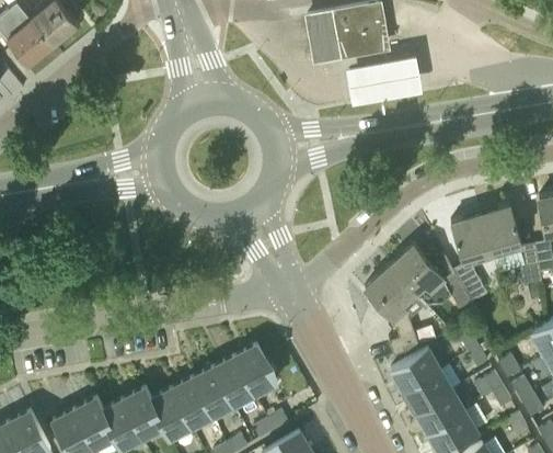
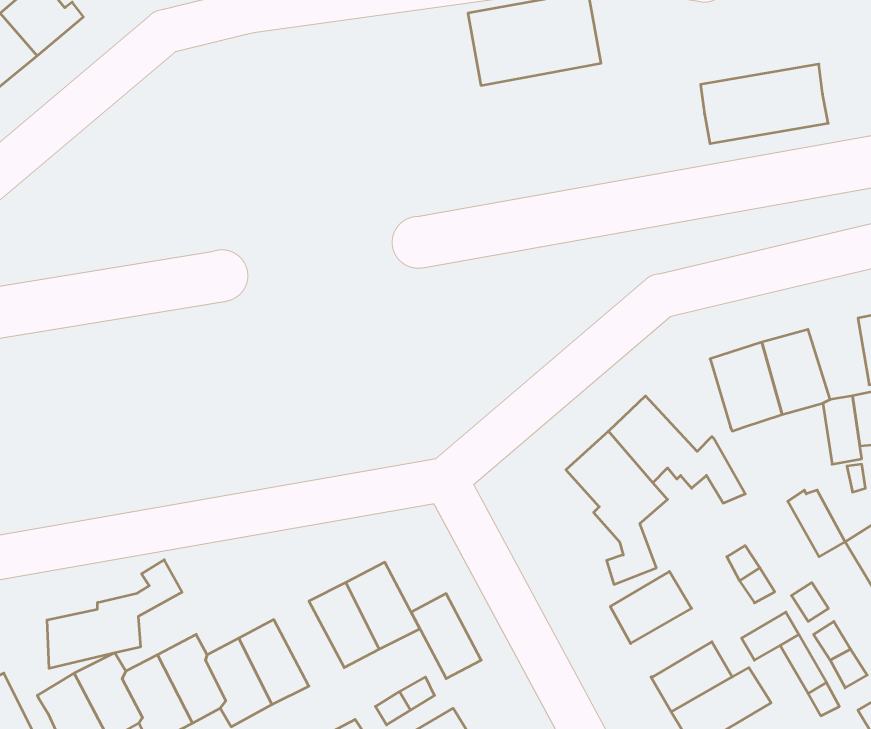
building: [348,61,424,109] -> [701,64,828,144]
building: [453,263,487,303] -> [788,490,845,557]
building: none -> [47,560,182,668]
building: [193,366,234,417] -> [411,594,481,679]
building: [404,371,452,411] -> none

